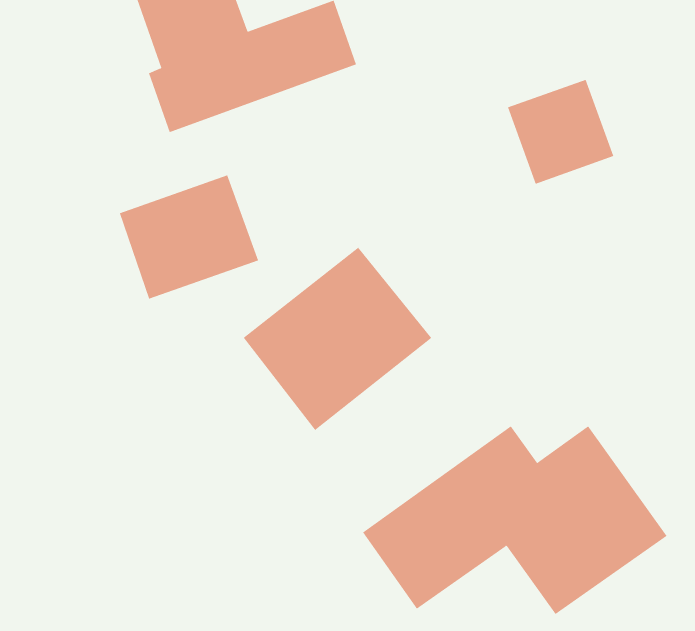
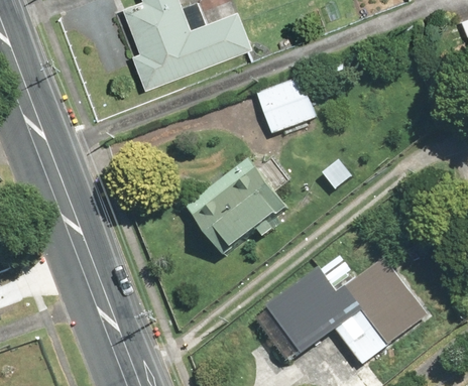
building: [507,79,614,184] -> [254,75,316,135]
building: [119,174,259,299] -> none

